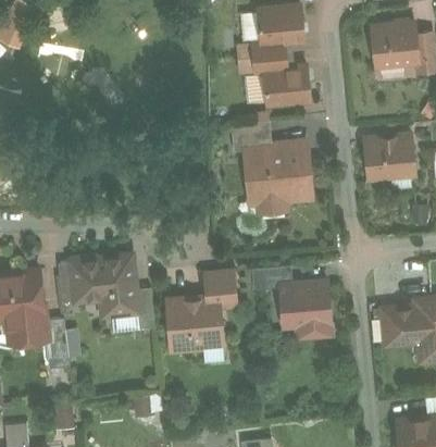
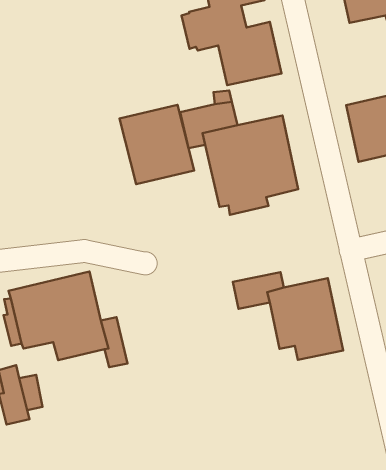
building: none -> [120,105,194,184]
building: [163,270,239,353] -> none

